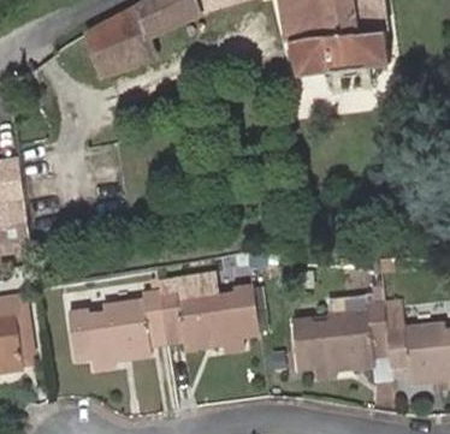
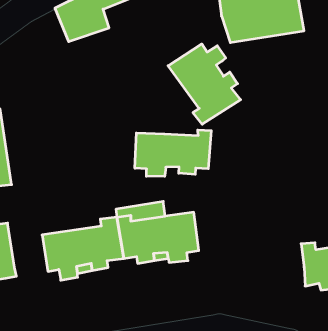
building: none -> [168,44,241,124]
building: none -> [135,130,211,176]
building: [290,301,387,373] -> none

